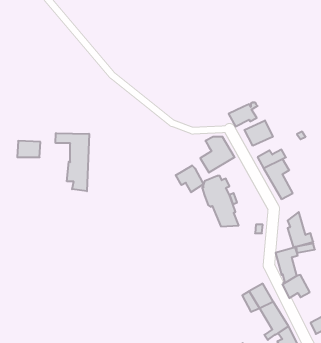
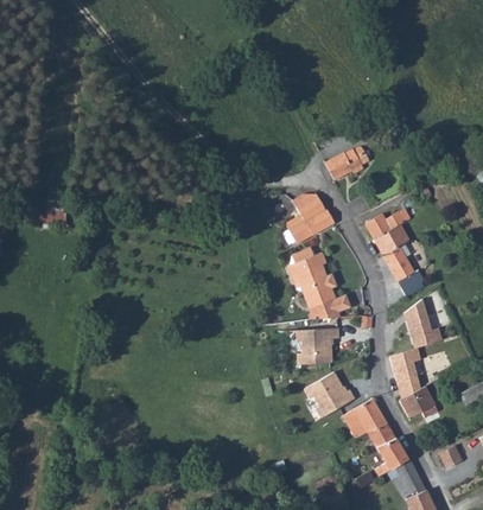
building: [244,120,273,146] -> none
building: [56,133,89,191] -> none
building: [176,165,204,192] -> none
building: none -> [297,329,339,364]
building: none -> [305,372,355,417]

